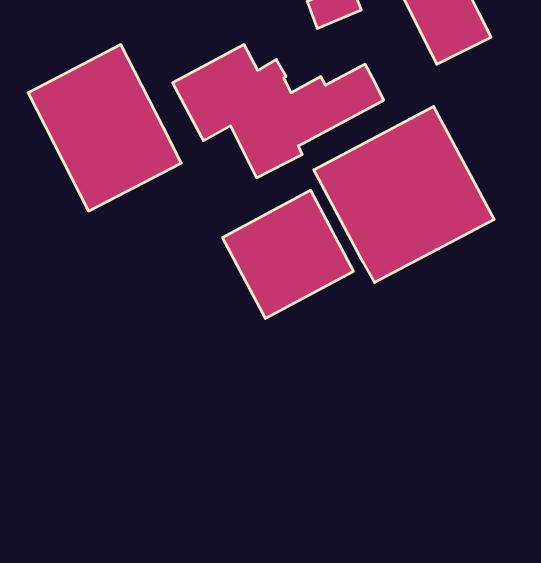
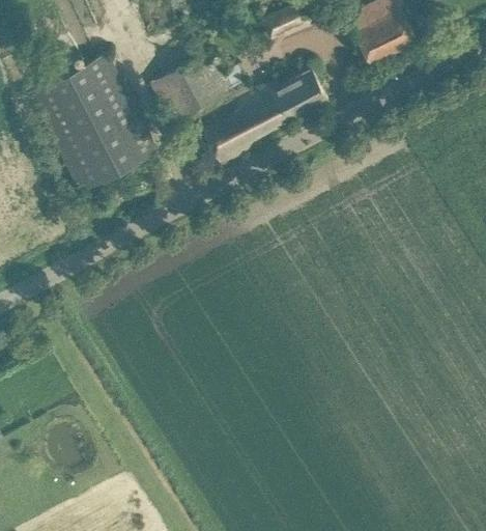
building: [314,106,494,283] -> none
building: [223,190,353,319] -> none

